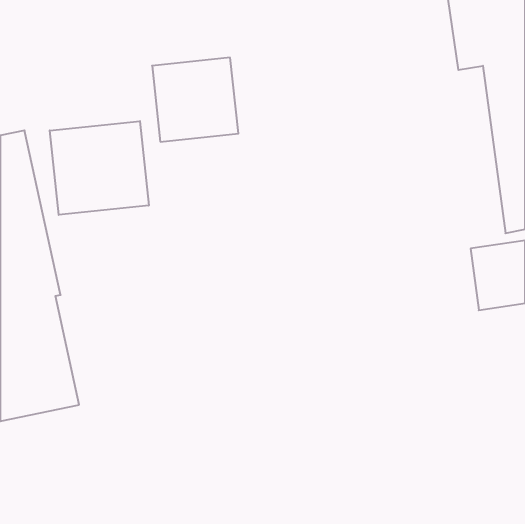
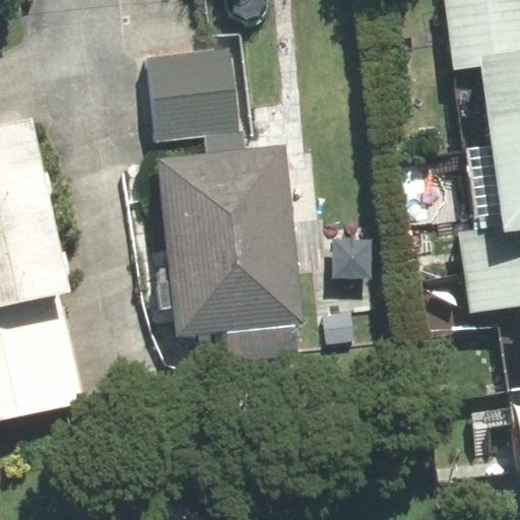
building: [50,121,149,215] -> none
building: none -> [158,152,297,332]

